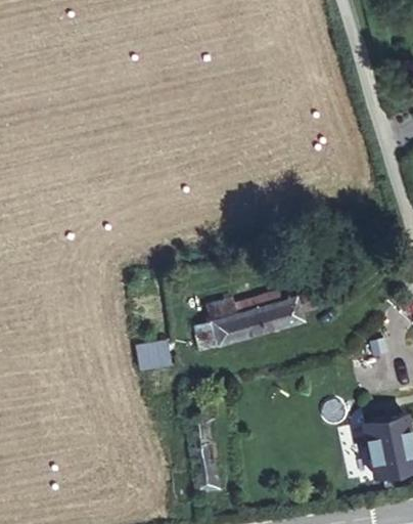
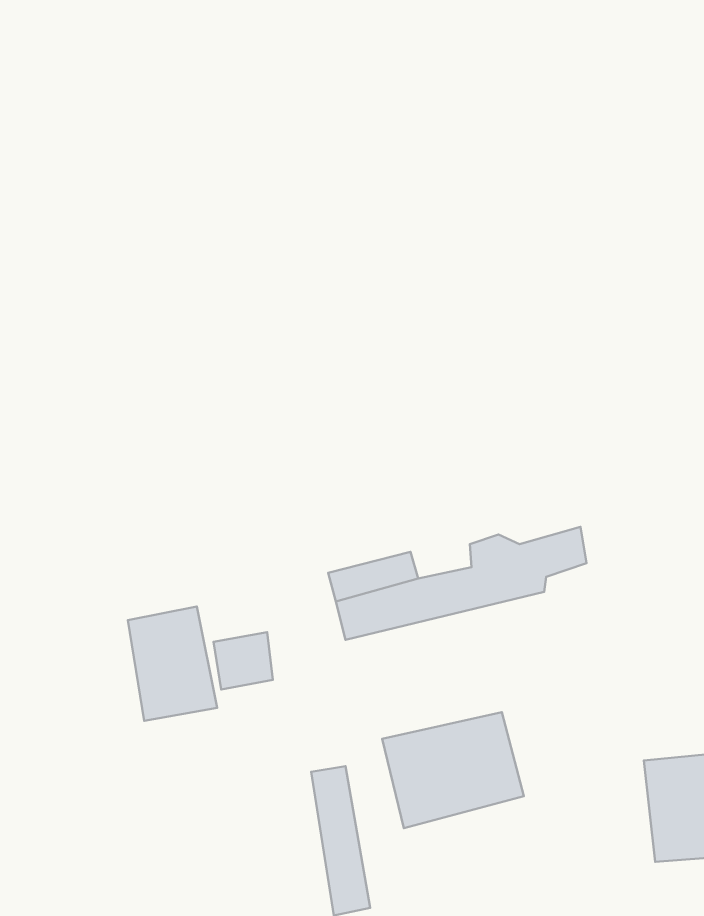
building: none -> [128,606,217,721]
building: none -> [382,712,524,828]

